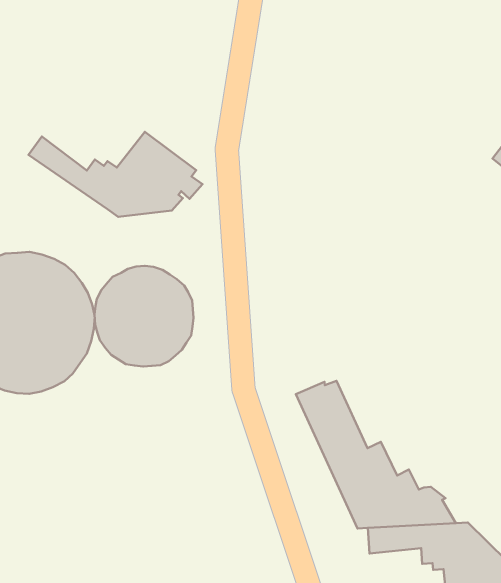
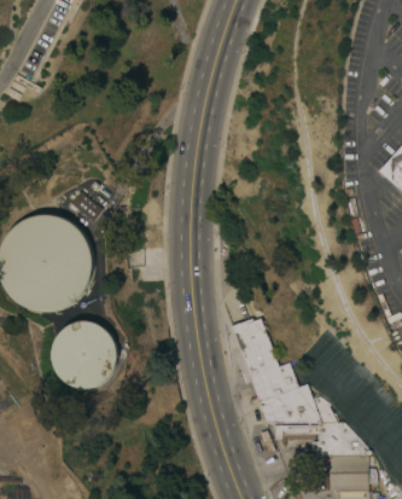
building: [28,132,202,217] -> none
building: [95,266,194,366] -> [51,320,120,390]

